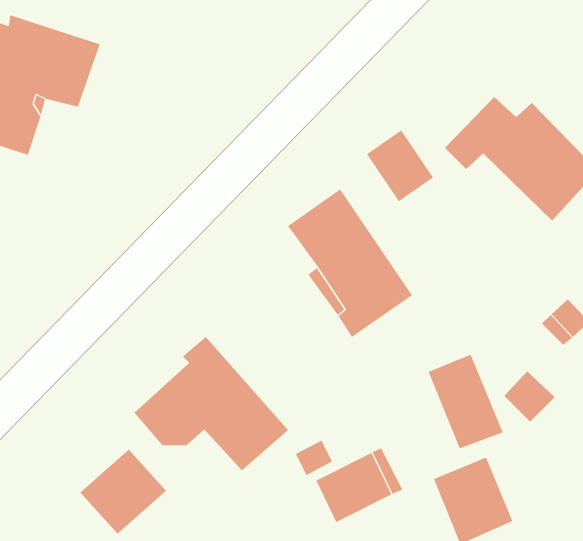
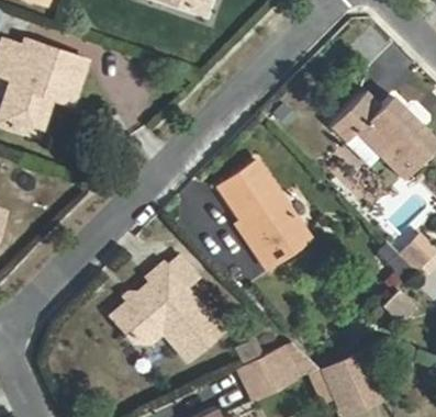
building: [366,129,434,202] -> none
building: [428,354,504,449] -> none
building: [79,449,167,535] -> none

